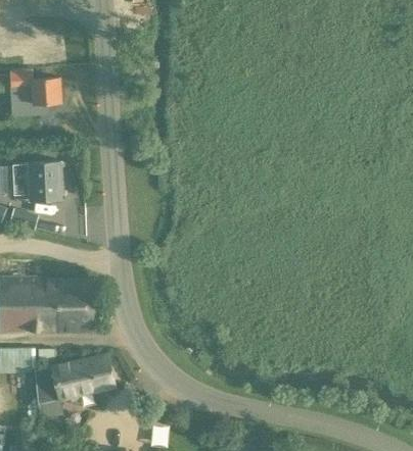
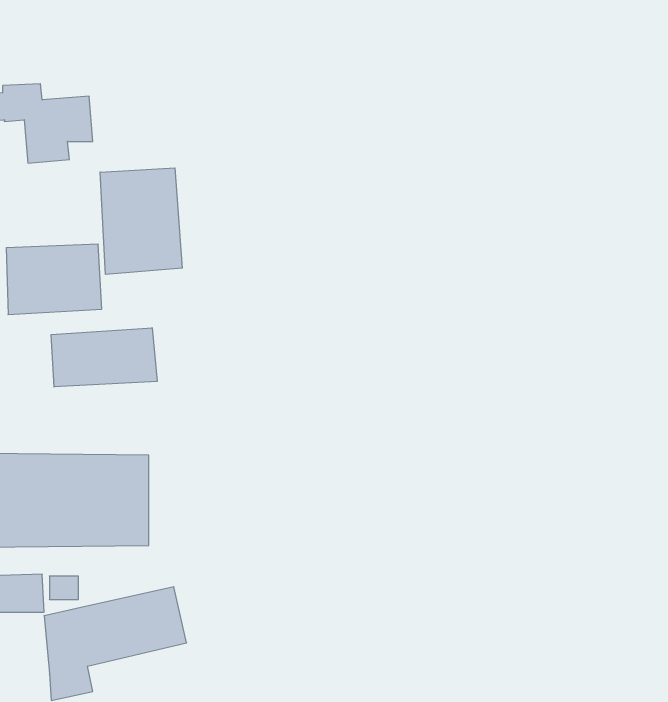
building: none -> [100,168,182,274]
building: none -> [51,328,157,387]

